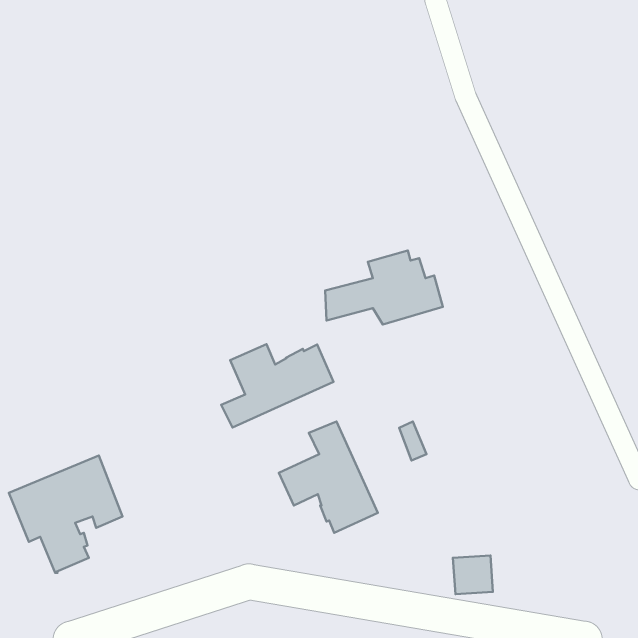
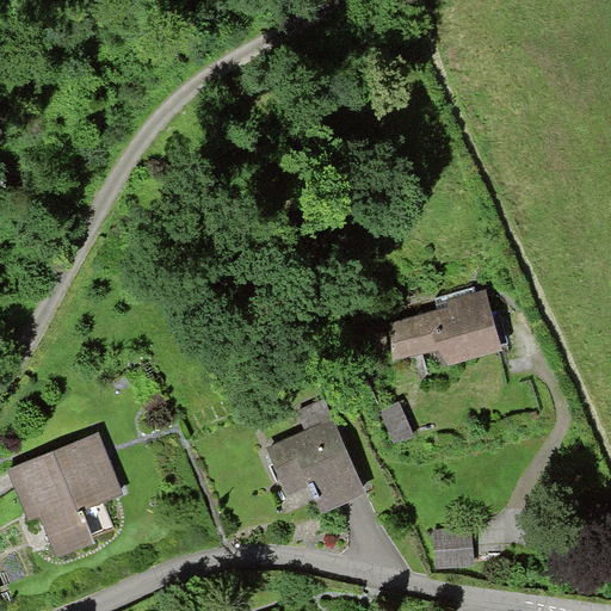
building: [325,251,443,324] -> [393,290,505,360]
building: [221,344,334,427] -> none

